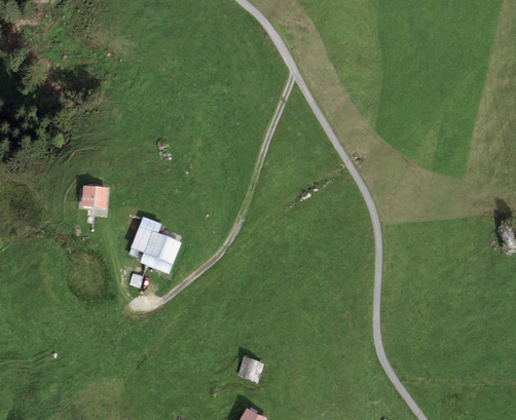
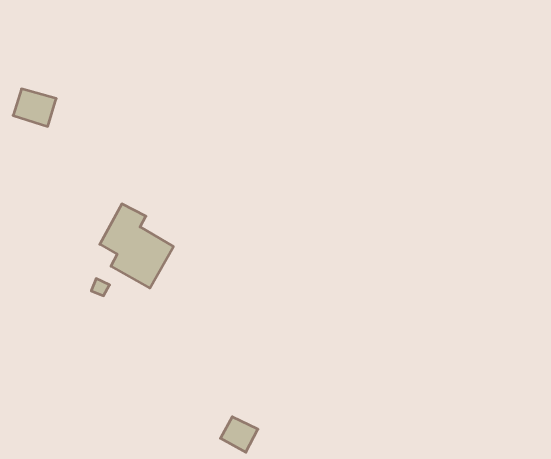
building: [80,187,109,211] -> [13,89,56,126]

